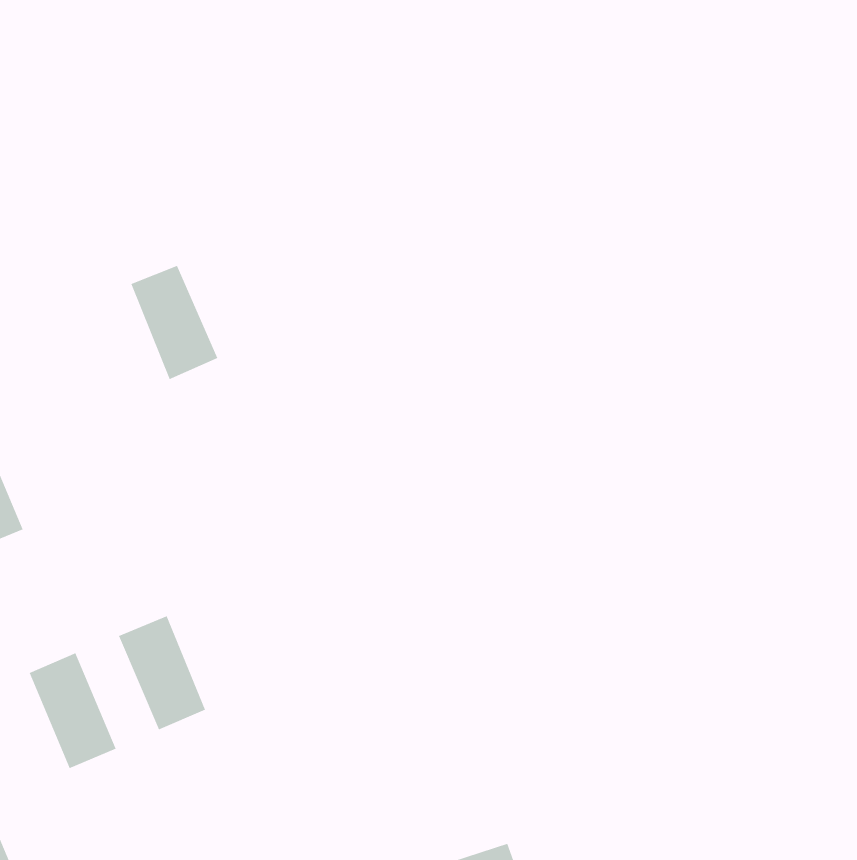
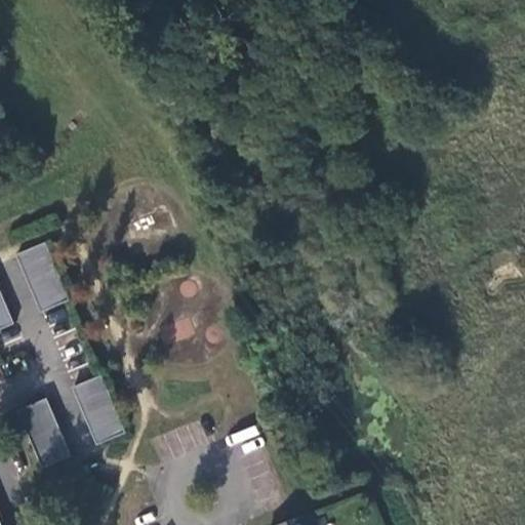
building: [130,265,218,380] -> [16,243,70,313]

